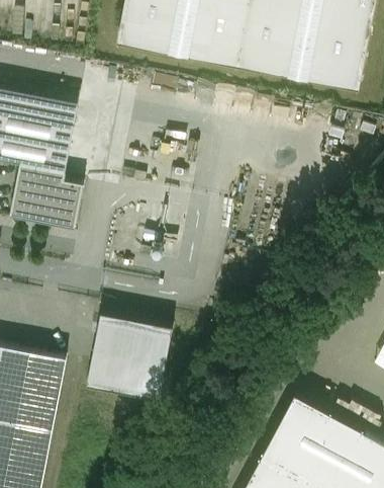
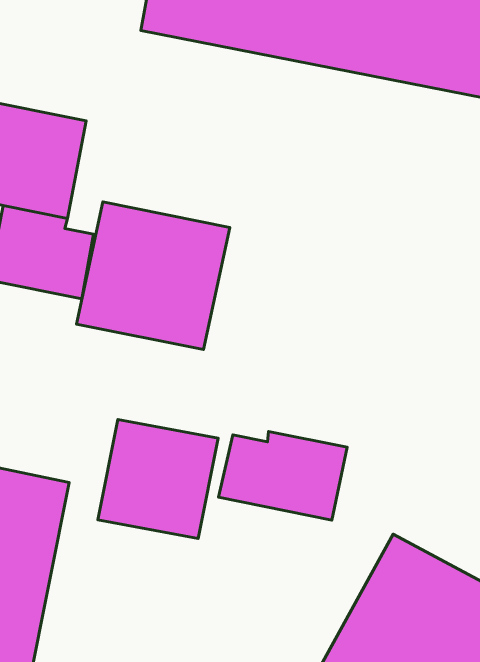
building: none -> [76,202,230,350]
building: none -> [218,431,347,520]

